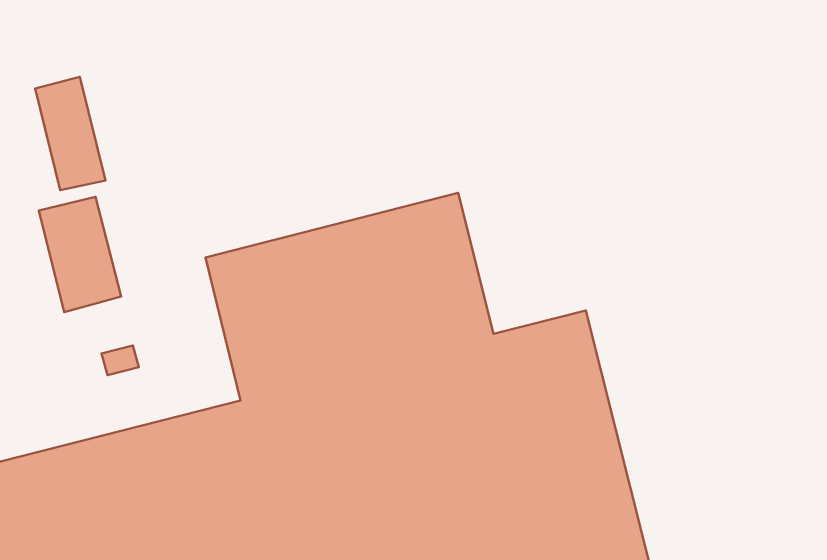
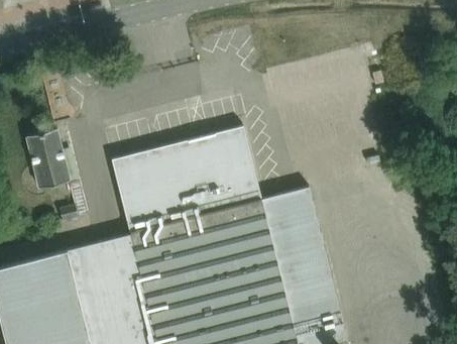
building: [35,77,106,190] -> none

